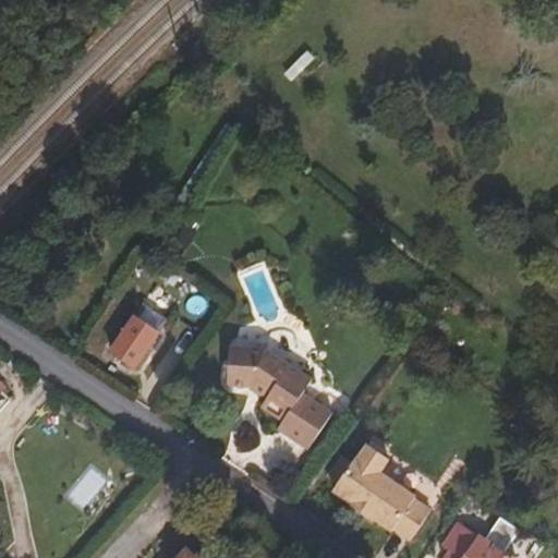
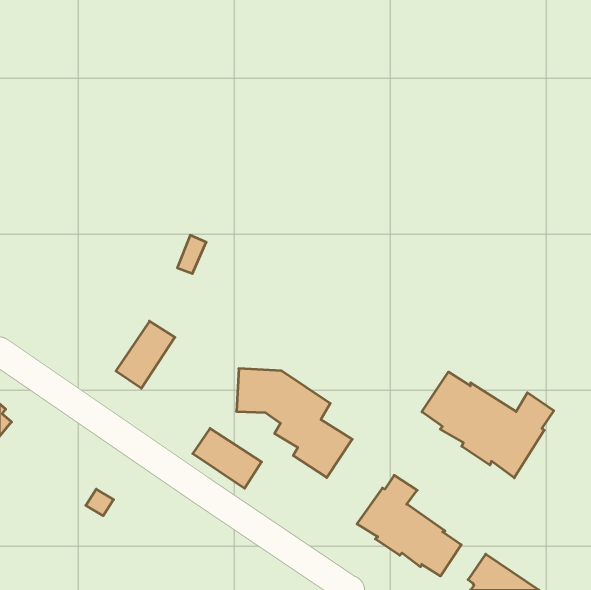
building: none -> [422,372,554,478]
building: none -> [193,428,262,488]

